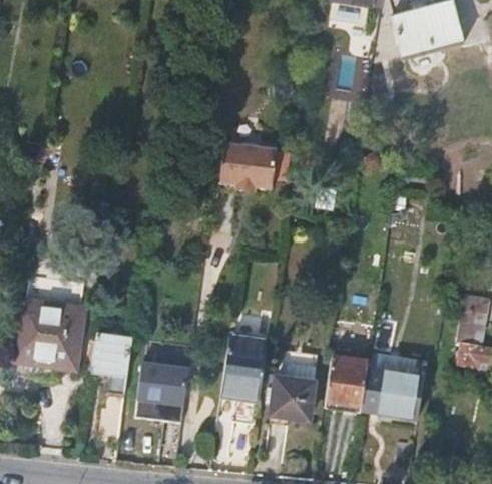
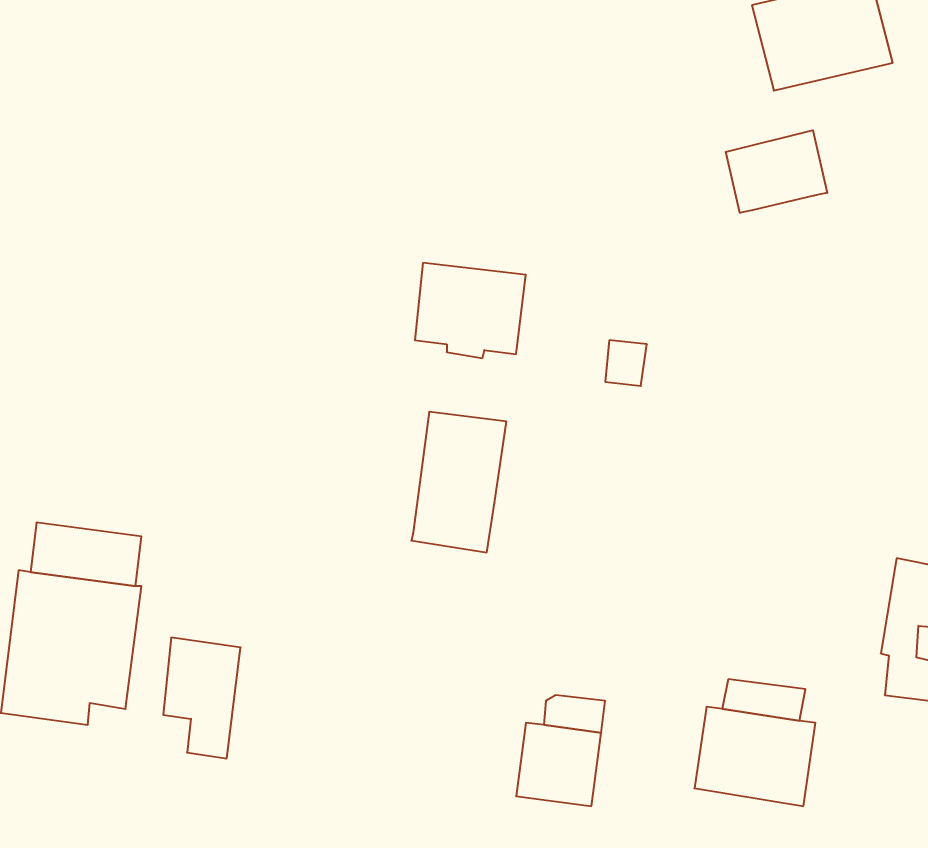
building: none -> [726,130,827,213]
building: [221,331,270,402] -> [411,412,506,552]
building: [325,356,367,404] -> none
building: [137,362,190,421] -> none

